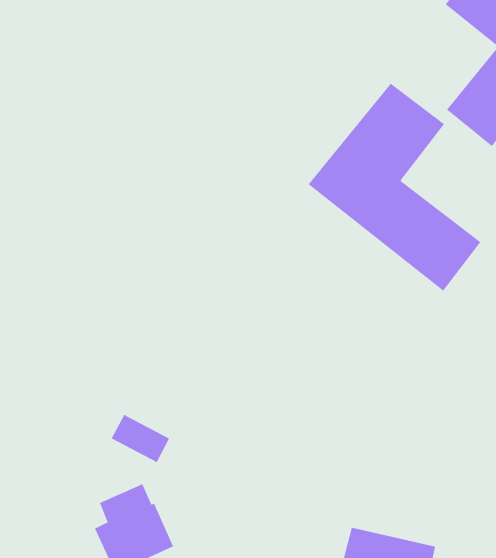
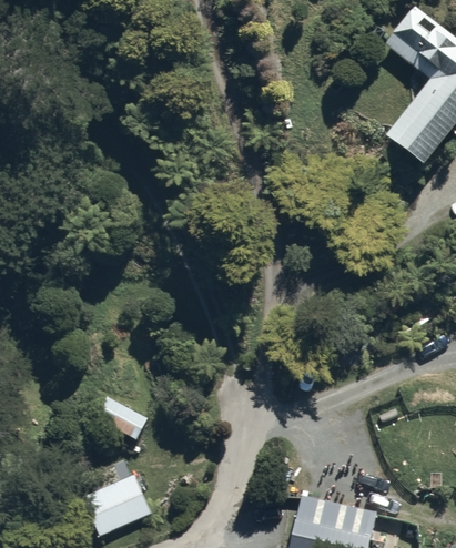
building: [308,83,481,291] -> none

